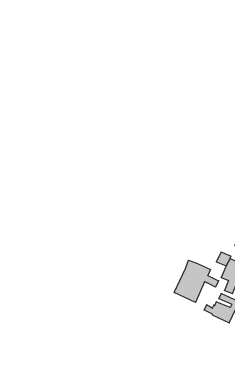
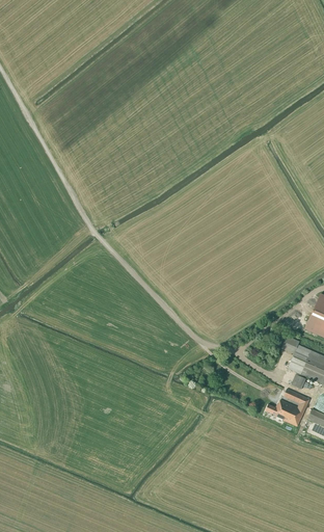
building: [174,260,219,302] -> none

